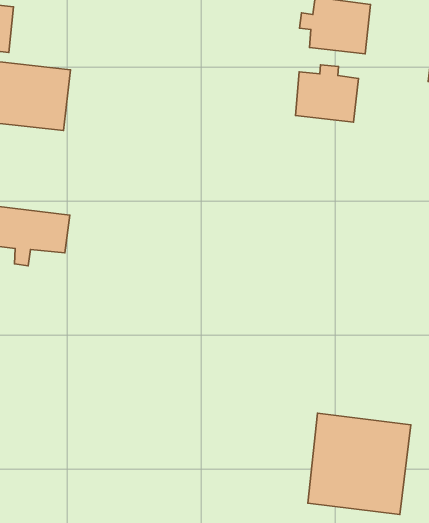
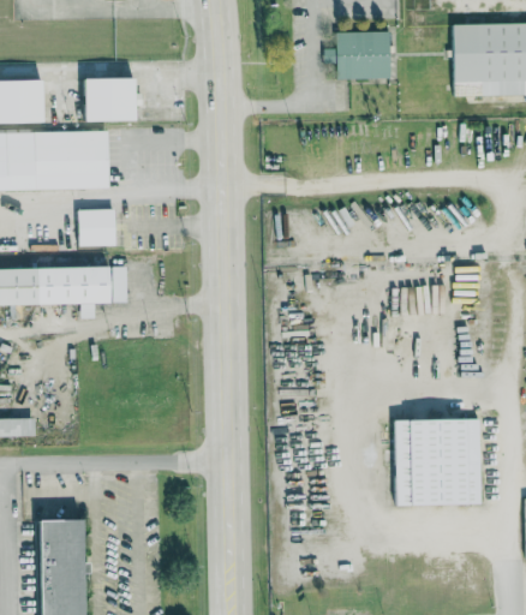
building: none -> [82,77,142,121]
building: [296,65,358,122] -> none
building: none -> [79,209,118,245]

